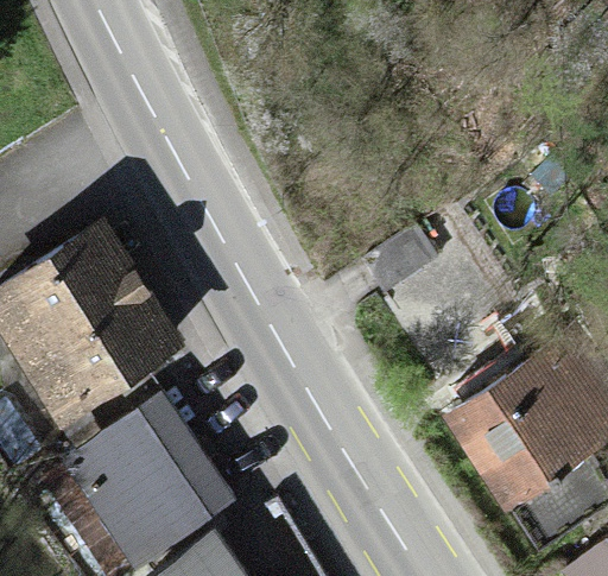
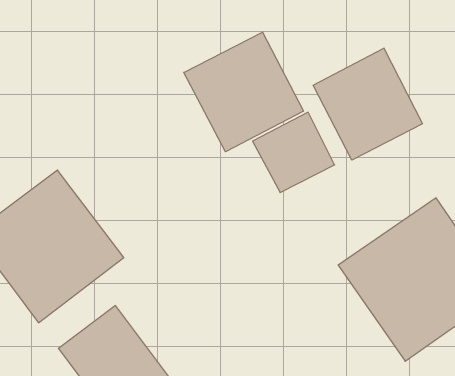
building: none -> [184,32,303,152]
building: none -> [313,48,422,160]

